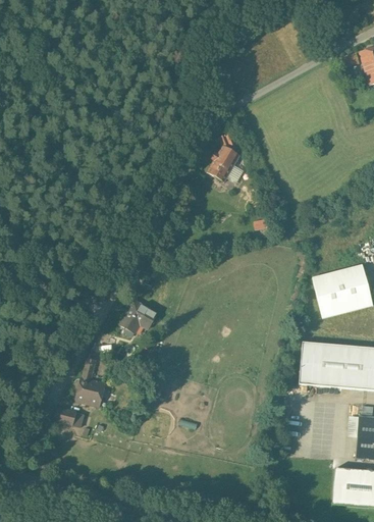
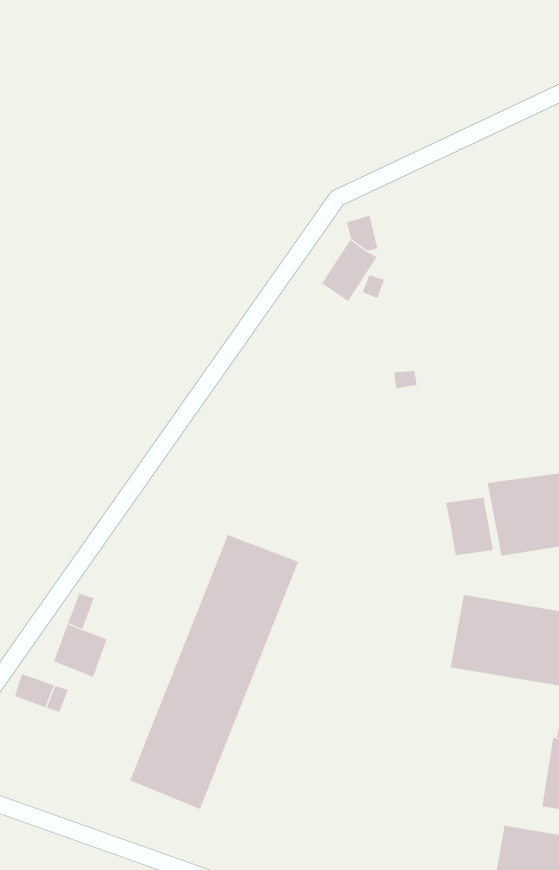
building: none -> [446,497,493,556]
building: [119,299,158,331] -> none
building: none -> [129,534,299,810]

